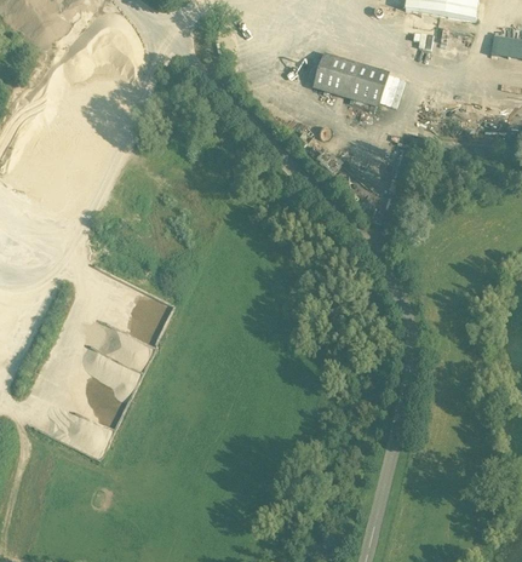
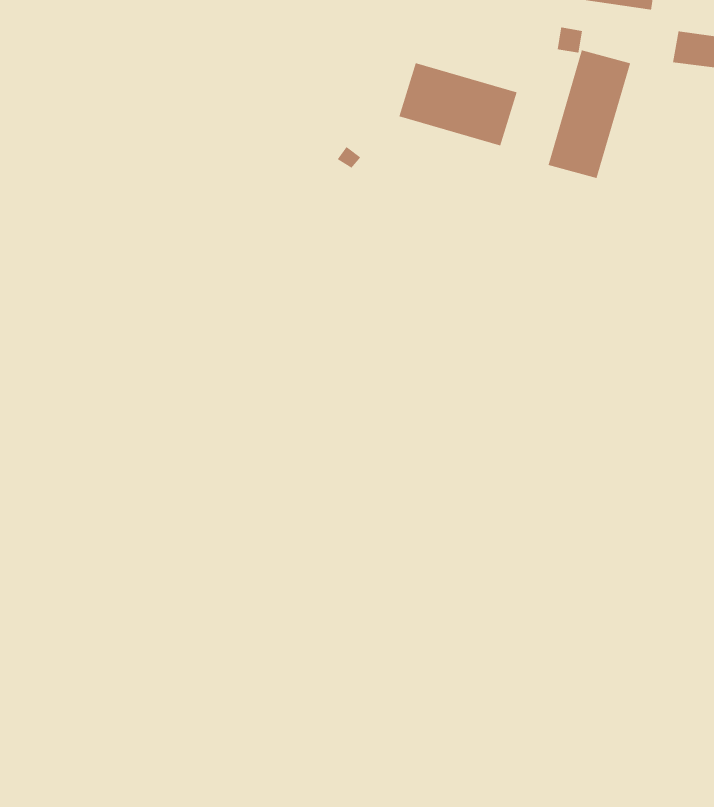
building: none -> [548,50,631,179]

